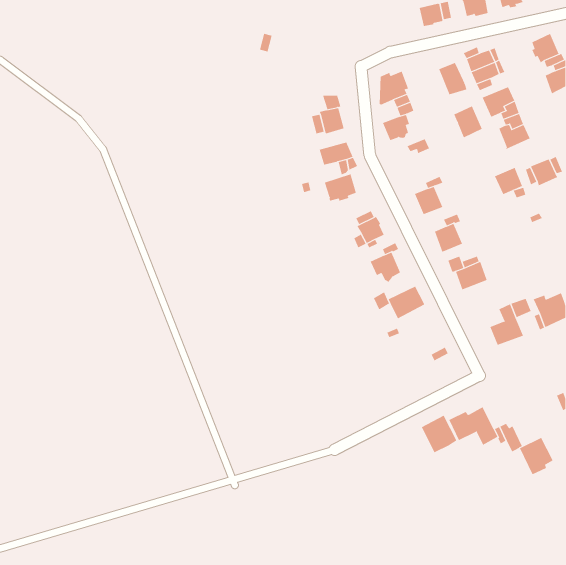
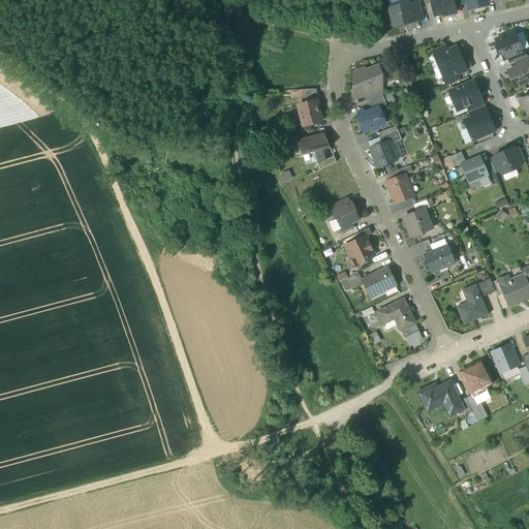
building: [439,62,467,95] -> none
building: [454,105,483,138] -> none
building: none -> [370,139,396,166]
building: [324,174,356,202] -> none
building: none -> [377,299,414,329]
building: none -> [493,344,520,372]
building: [421,415,457,453] -> none
building: [519,437,554,475] -> [461,361,493,396]

